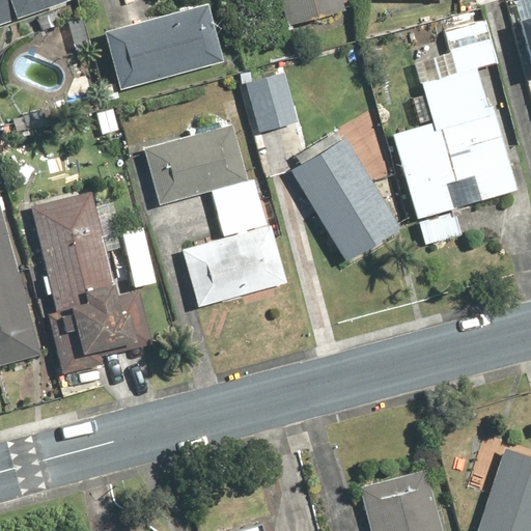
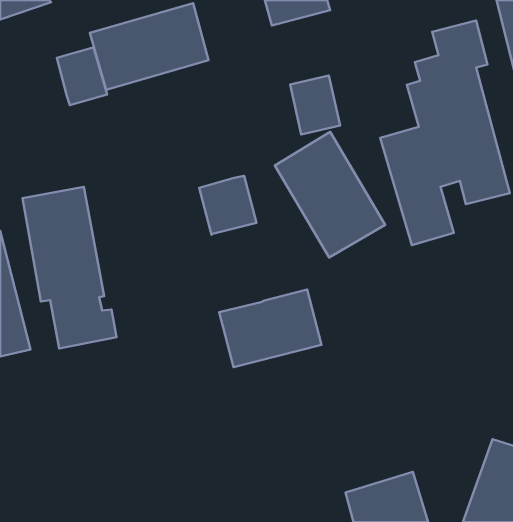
building: none -> [57,47,107,105]
building: [247,73,298,133] -> [290,75,340,135]
building: [143,127,247,205] -> none
building: [180,226,284,305] -> [219,290,321,367]

